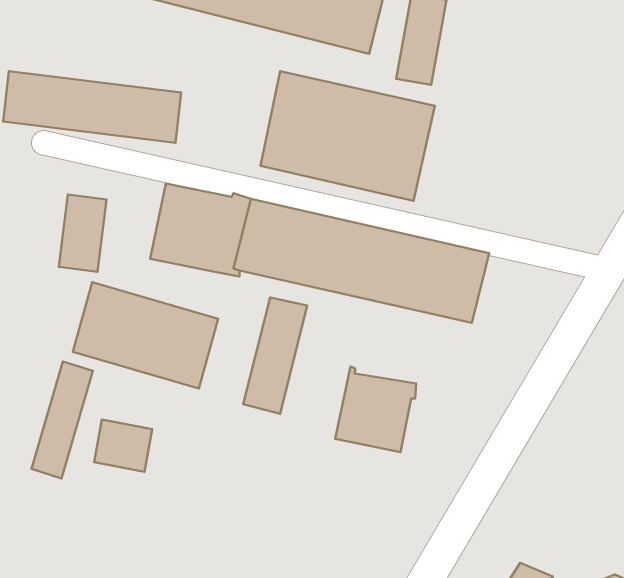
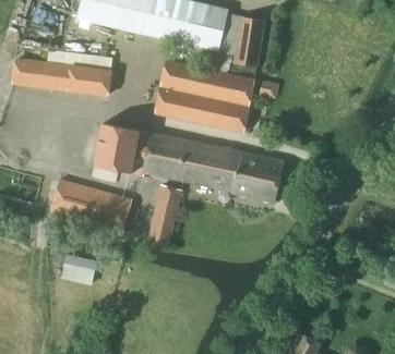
building: [59,194,106,272] -> none
building: [31,361,93,478] -> none
building: [335,367,416,452] -> none

